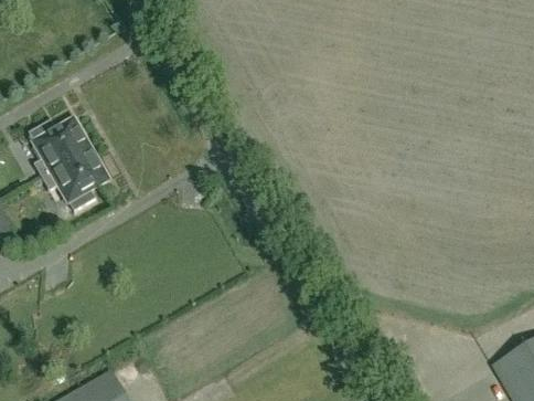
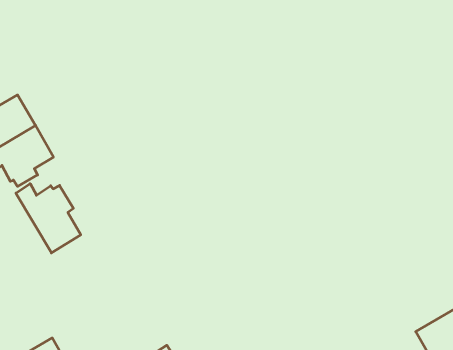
building: none -> [16,184,81,253]

